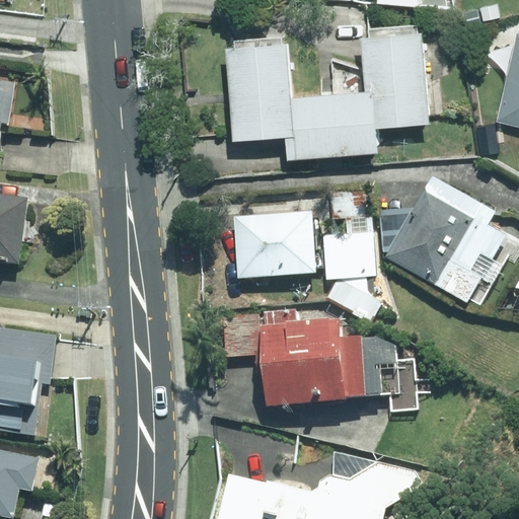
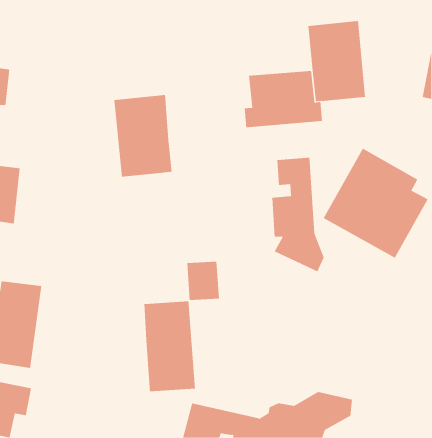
building: [227,35,297,133] -> [113,95,173,177]
building: [232,212,314,279] -> none
building: [261,308,416,413] -> none
building: none -> [144,301,195,392]

